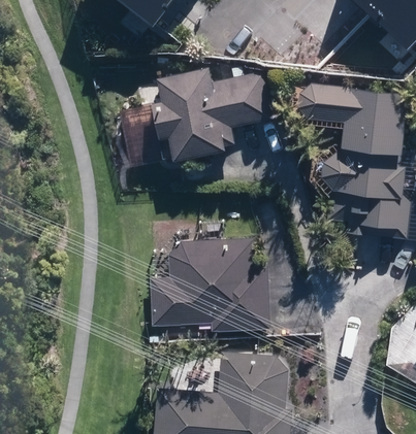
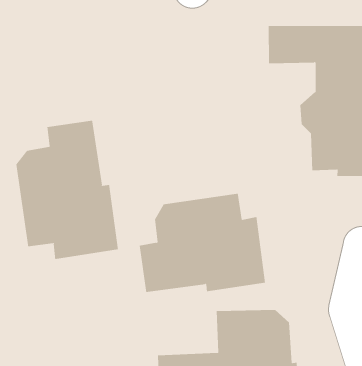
building: [119,66,276,165] -> none
building: none -> [16,120,119,260]

